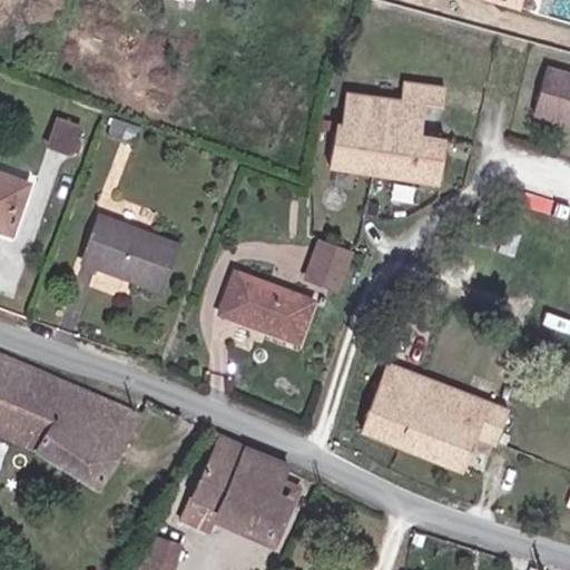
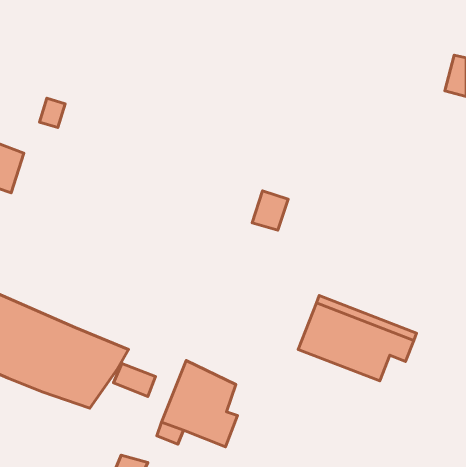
building: [335,80,460,186] -> none
building: [82,216,175,287] -> none
building: [219,269,313,340] -> none
building: none -> [113,364,155,396]

